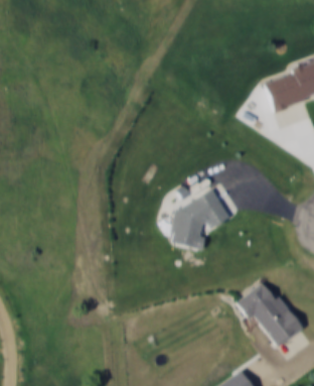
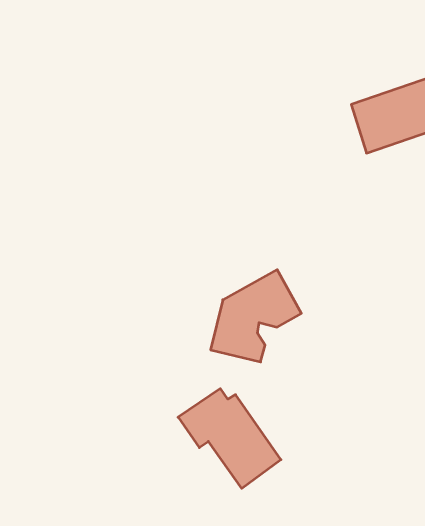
building: [236,282,304,349] -> [178,389,281,488]

